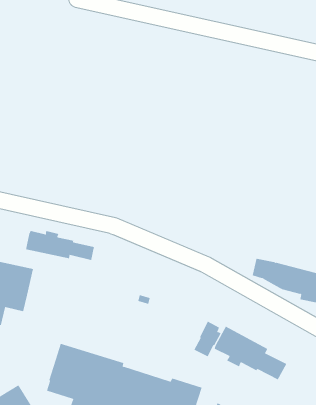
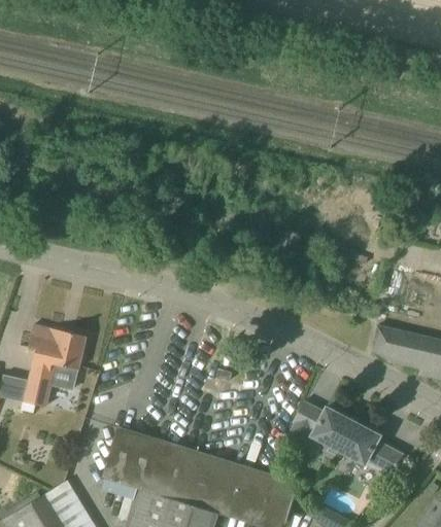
building: [25,230,94,261] -> none

